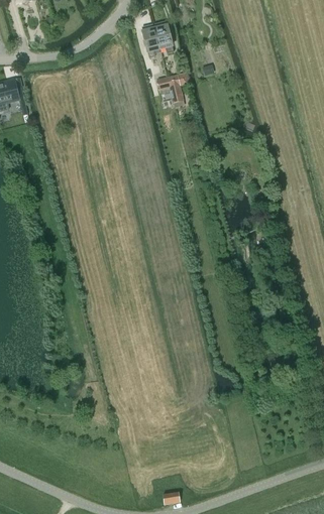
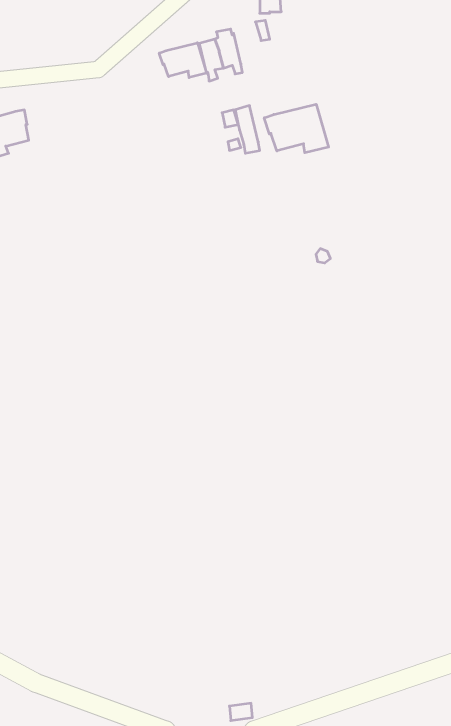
building: none -> [159,43,207,78]
building: none -> [264,104,329,153]

